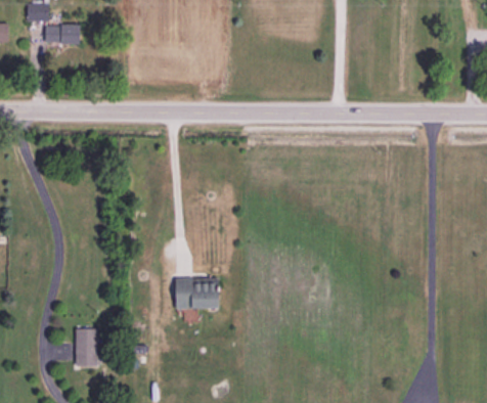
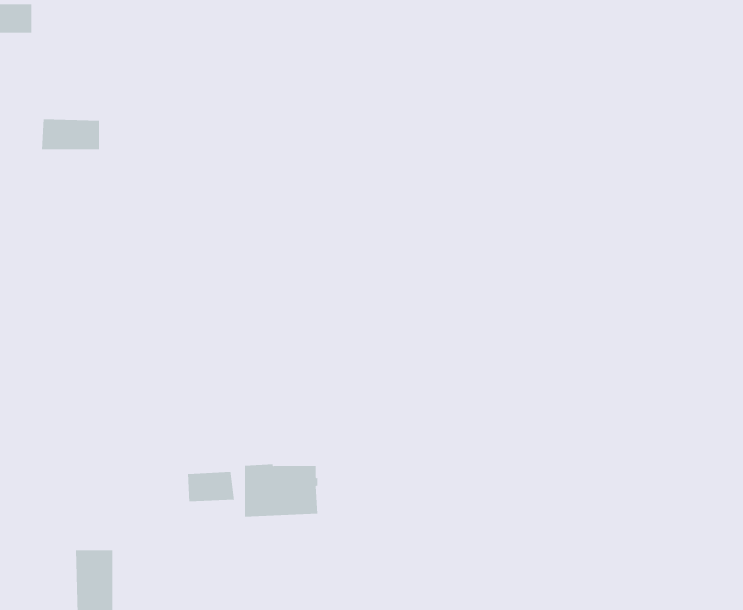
building: [45,25,80,43] -> [41,119,100,150]
building: none -> [187,471,234,502]

